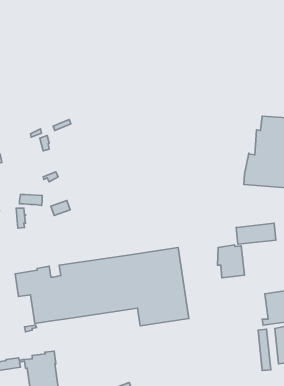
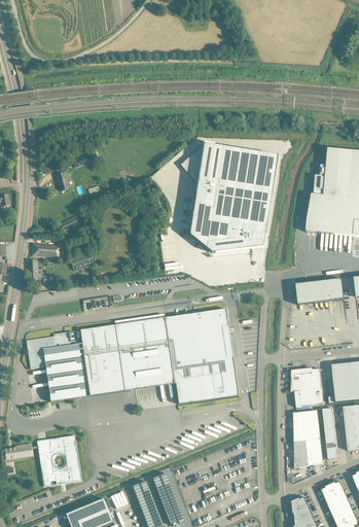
building: none -> [179,143,277,251]
building: [217,245,244,278] -> [290,366,323,407]
building: none -> [292,409,323,467]

